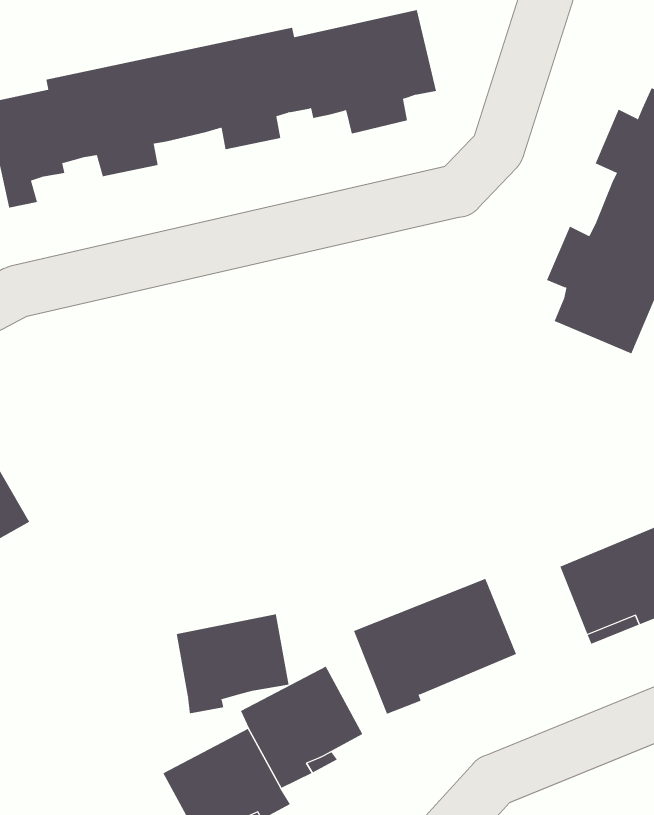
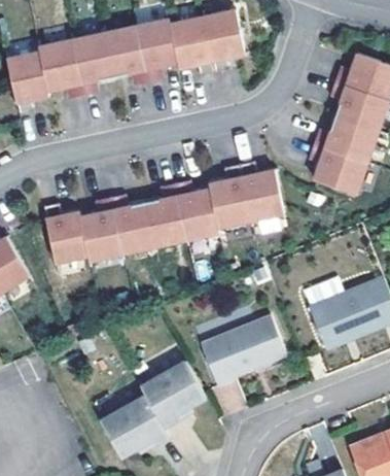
building: none -> [43,166,285,263]
building: [176,613,289,714] -> none

